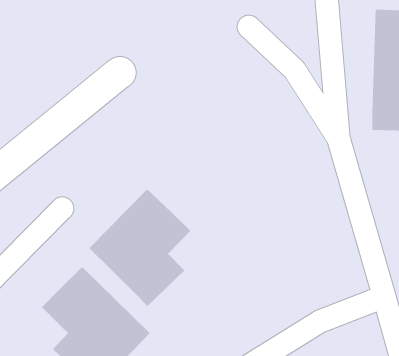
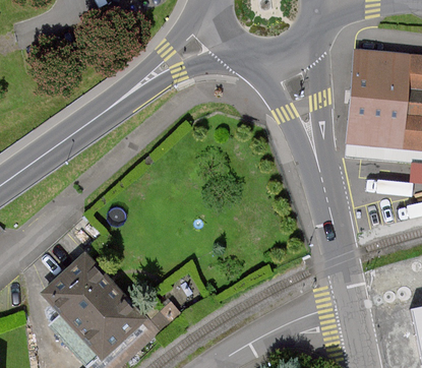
building: [89,188,191,307] -> none

